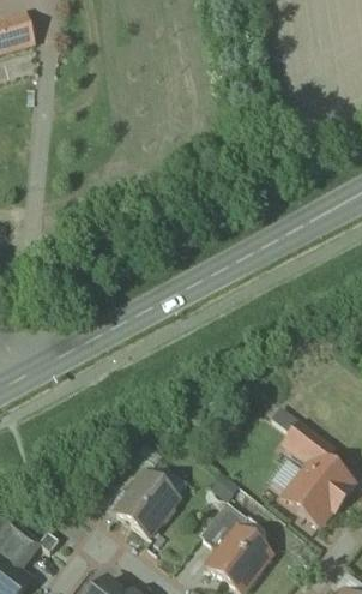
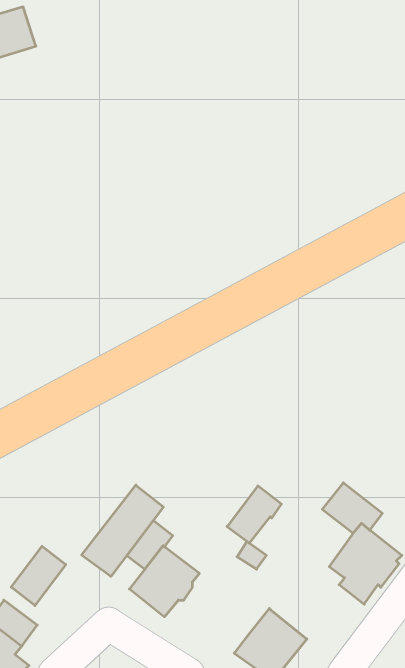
building: none -> [82,485,163,576]
building: none -> [11,546,66,606]
building: [200,502,247,551] -> [227,486,281,543]

